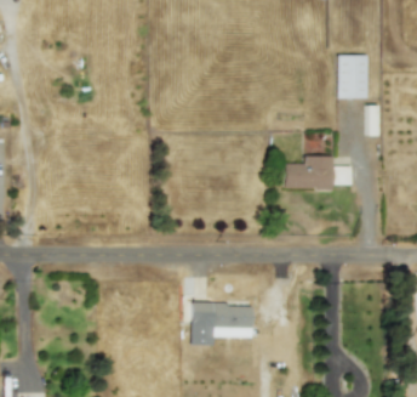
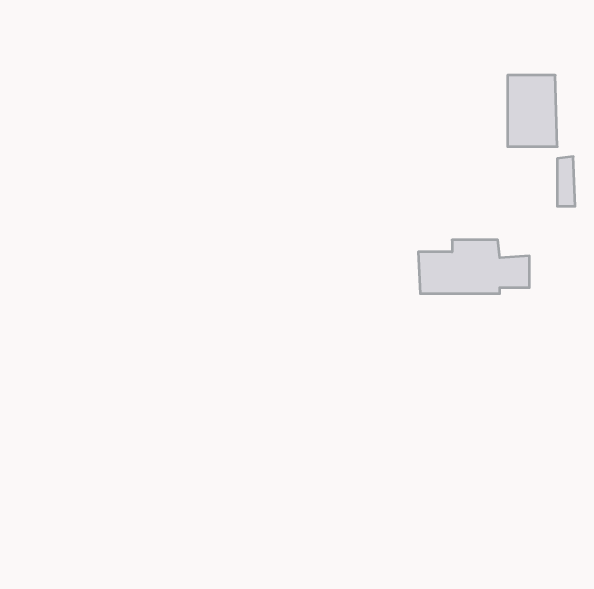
building: [193,304,252,339] -> none

